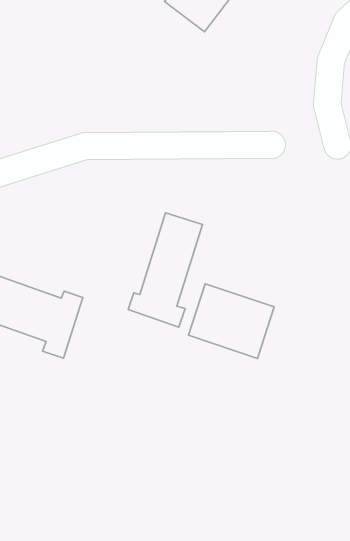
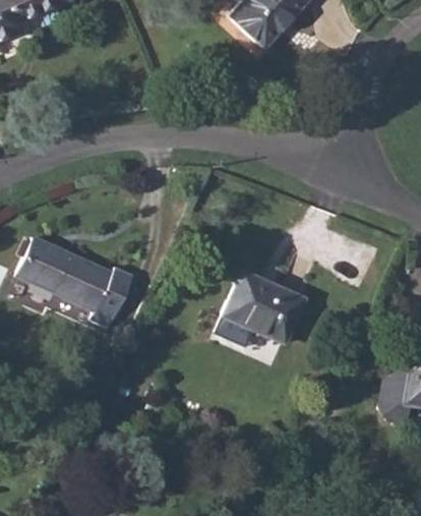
building: [128,213,202,327] -> none

